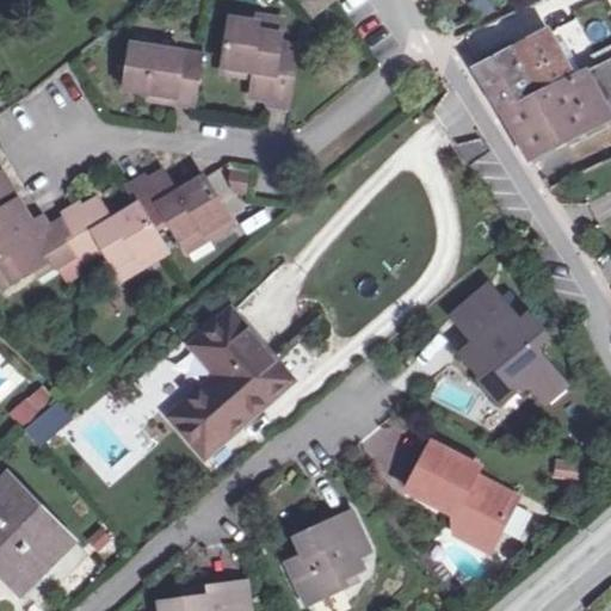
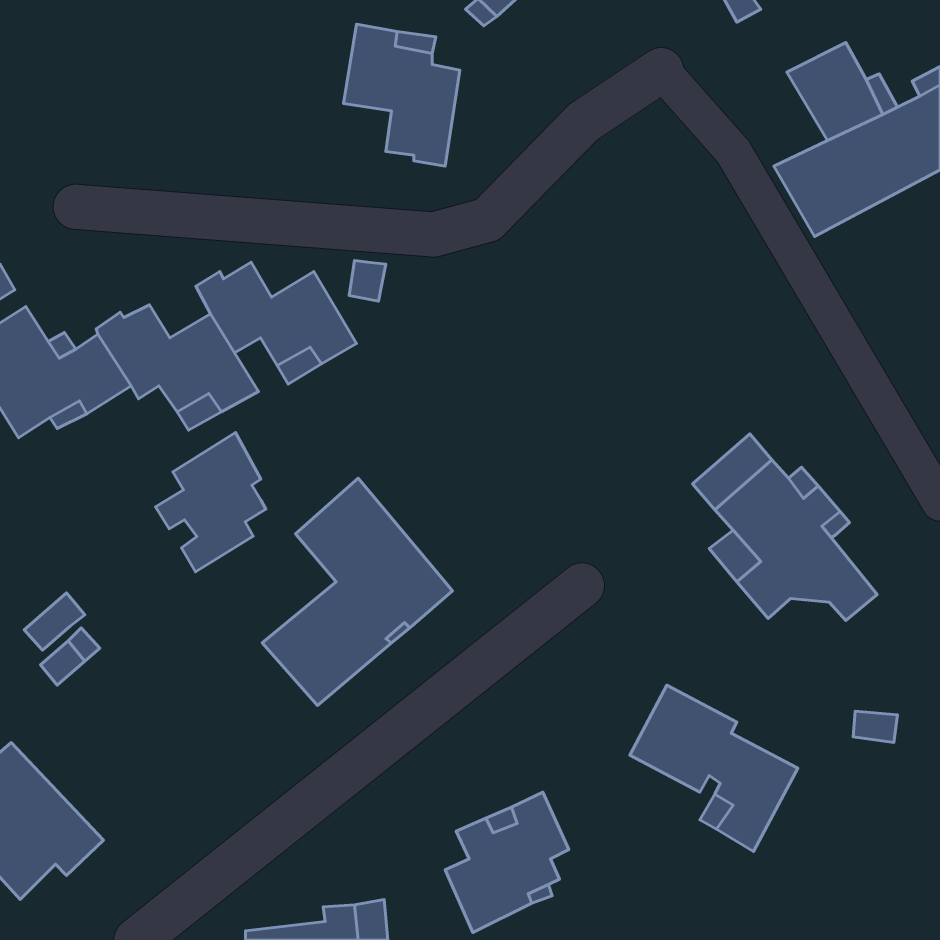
building: [125,43,200,106] -> none
building: [474,47,535,107] -> none
building: none -> [155,433,266,572]

